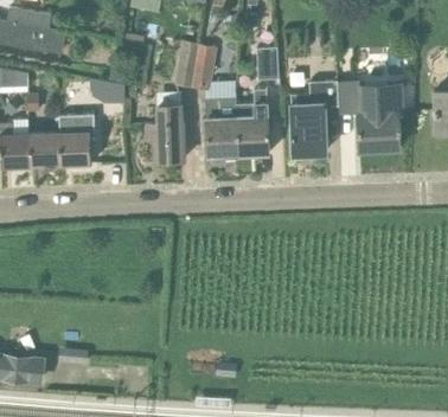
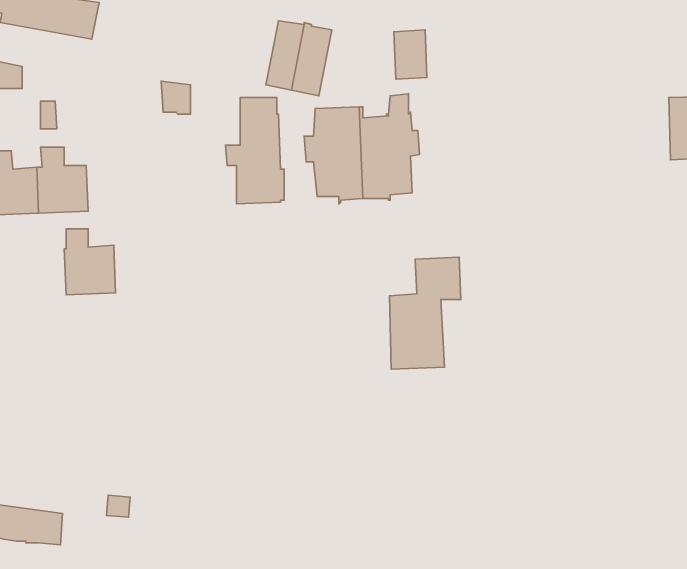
building: [358,78,405,149] -> none
building: [292,79,338,152] -> [389,257,461,369]
building: [58,122,91,165] -> [64,229,116,295]

